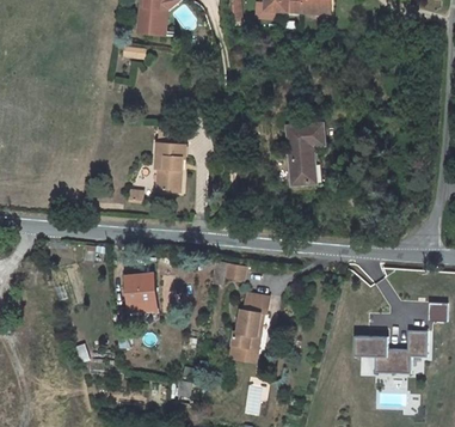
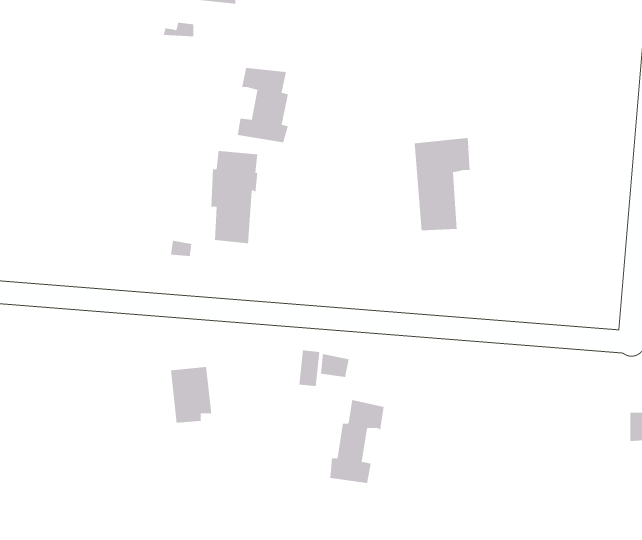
building: none -> [237,67,289,143]
building: [353,331,426,374] -> none

